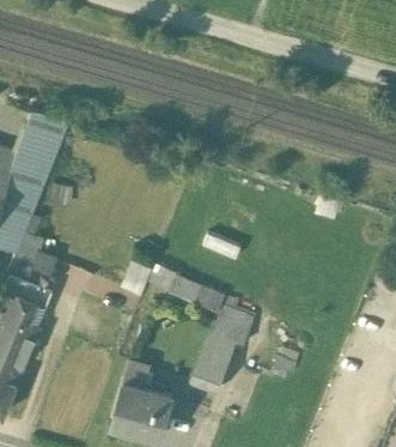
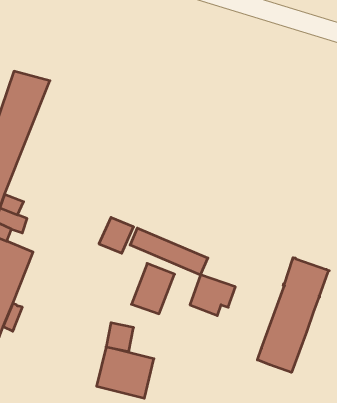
building: none -> [257,258,329,372]
building: [193,344,236,394] -> [131,263,175,314]

